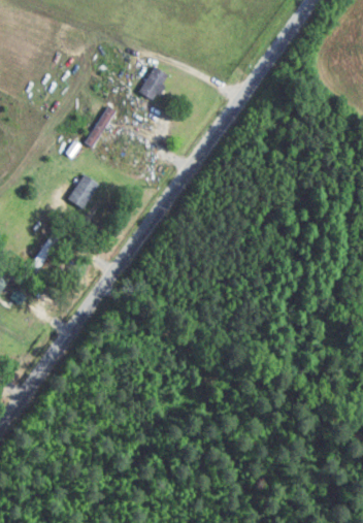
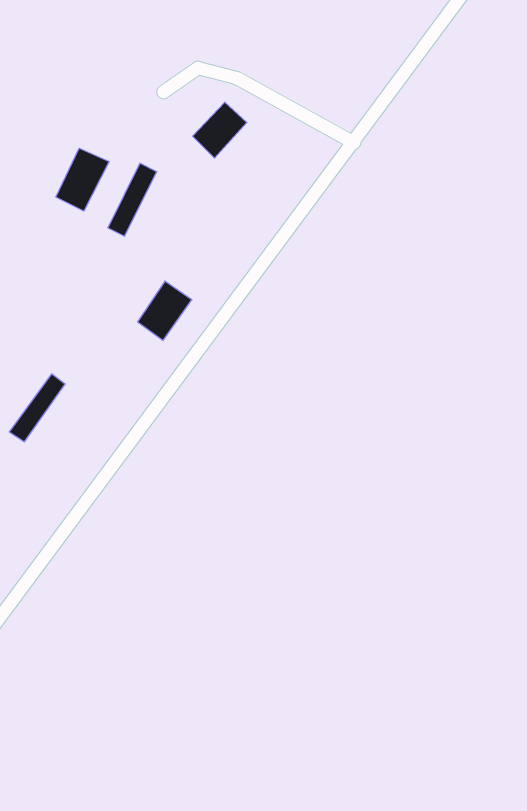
building: none -> [56,148,109,211]
building: [67,173,100,209] -> [138,281,192,341]

